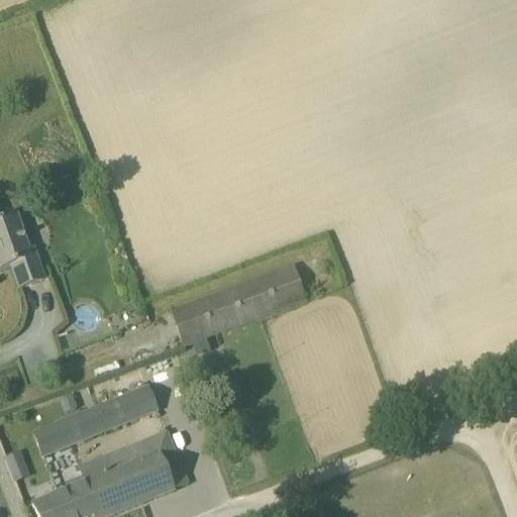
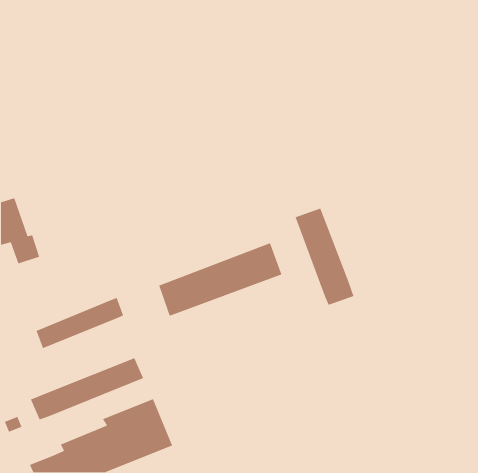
building: none -> [294,208,354,306]
building: none -> [35,297,124,349]

